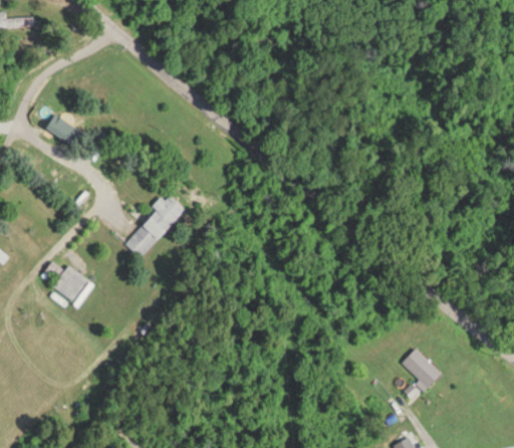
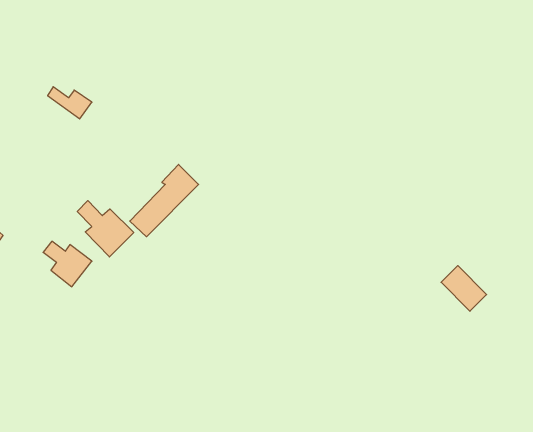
building: none -> [77,201,134,257]
building: [401,349,442,390] -> [441,266,487,311]

